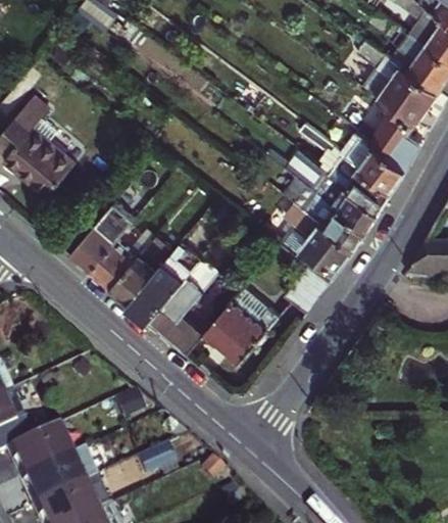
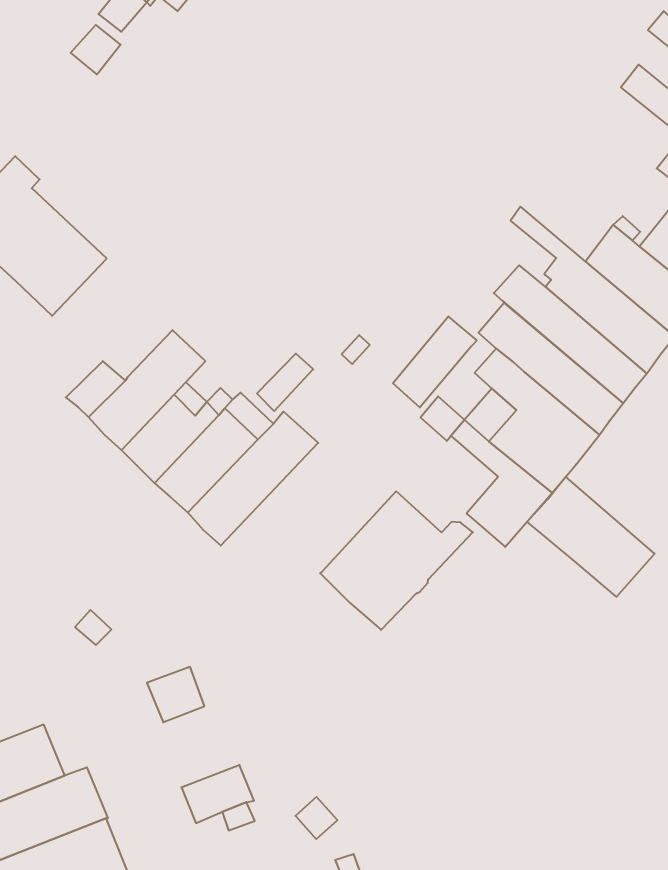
building: none -> [393,316,477,408]
building: [149,257,219,353] -> none
building: none -> [527,477,655,597]

